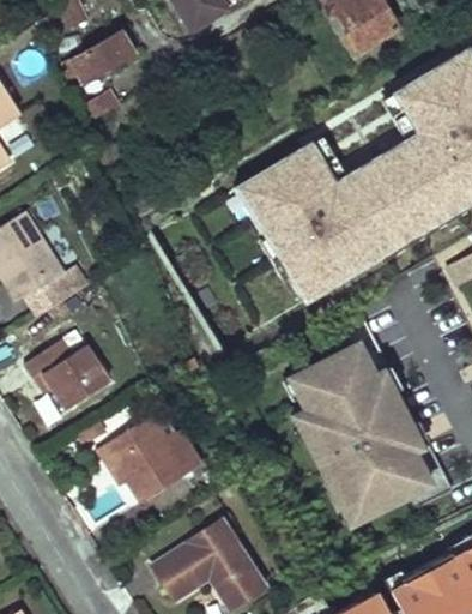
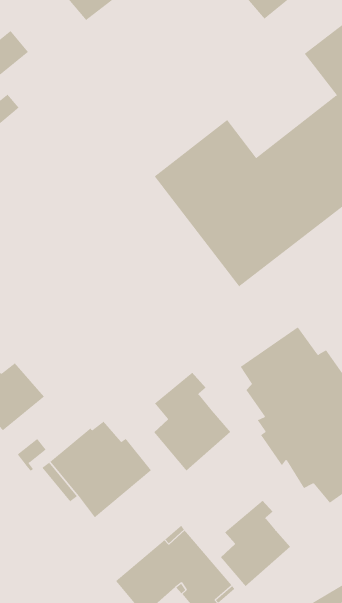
building: none -> [154,372,231,472]
building: none -> [220,500,291,587]

